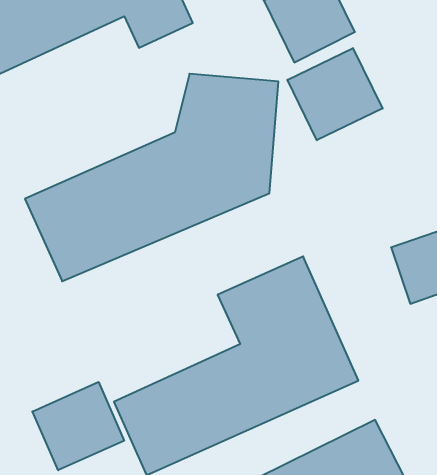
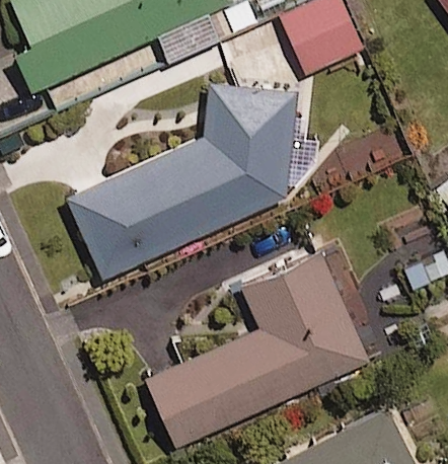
building: [287,48,383,140] -> none
building: [32,382,124,470] -> none

